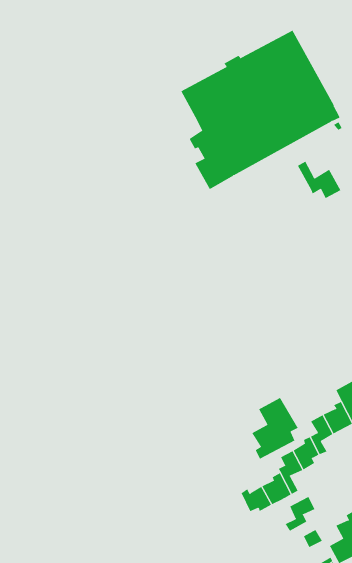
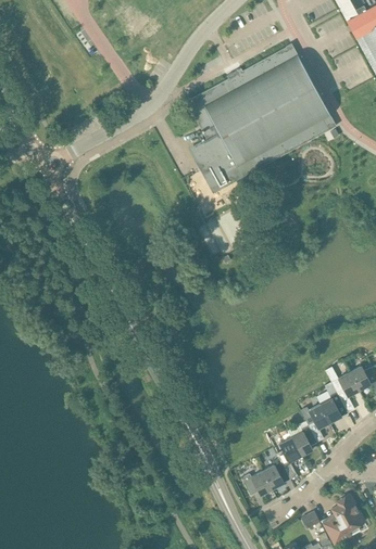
building: [297,161,341,199] -> none
building: [249,397,299,459] -> none
building: [285,496,315,532] -> none

